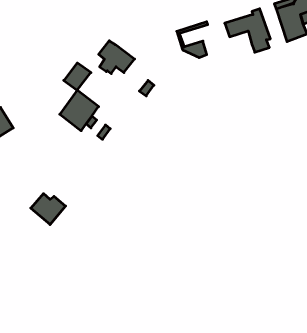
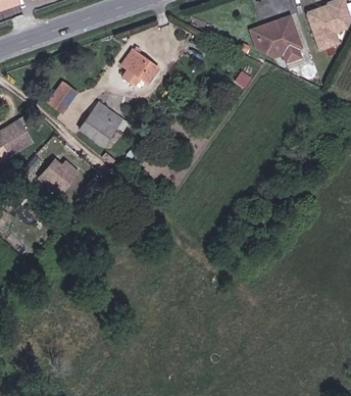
building: [177,22,208,58] -> [250,19,283,57]
building: [64,63,91,90] -> [47,83,76,111]
building: [31,194,66,225] -> [40,160,77,193]

